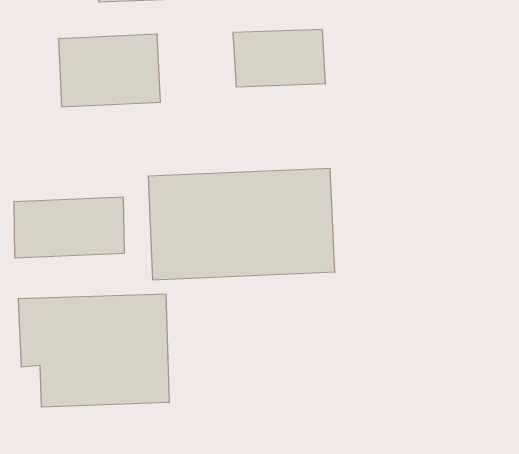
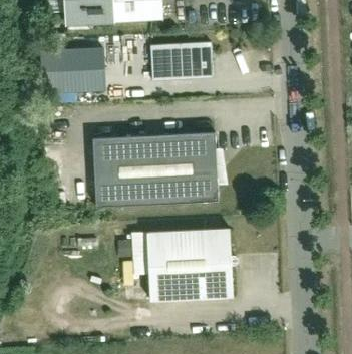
building: [14,197,124,258] -> none
building: [18,294,169,407] -> [132,228,231,301]

